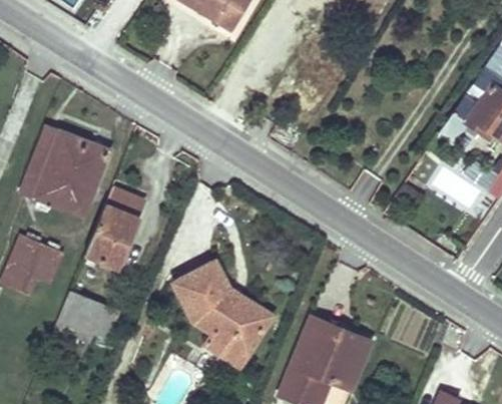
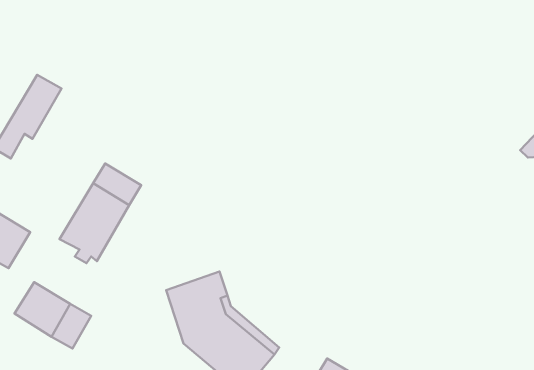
building: [37,135,110,217] -> none

